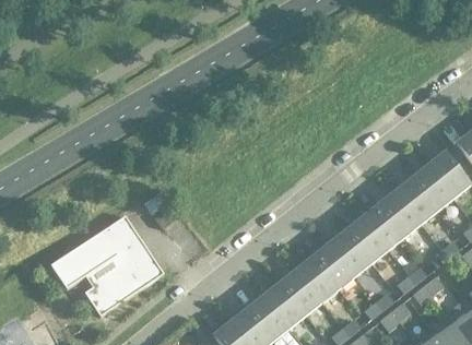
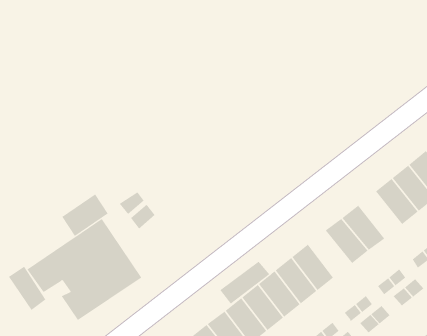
building: [378,190,421,236] -> none
building: none -> [62,194,109,237]
building: [329,228,371,274] -> none
building: none -> [220,261,270,305]
building: none -> [8,266,46,311]

